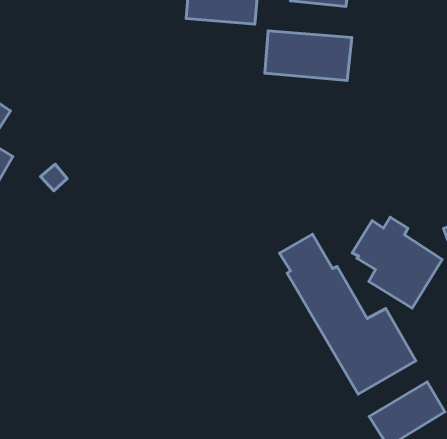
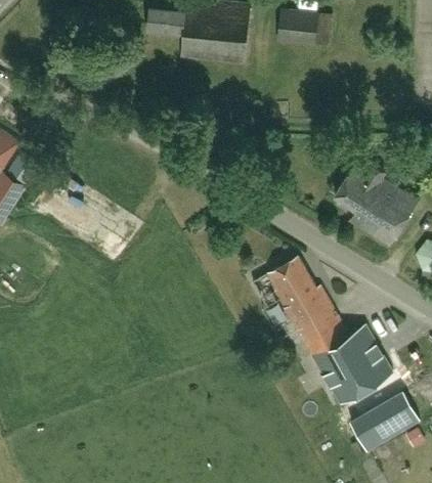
building: [265,31,352,81] -> none
building: [352,217,442,308] -> [334,162,417,246]

